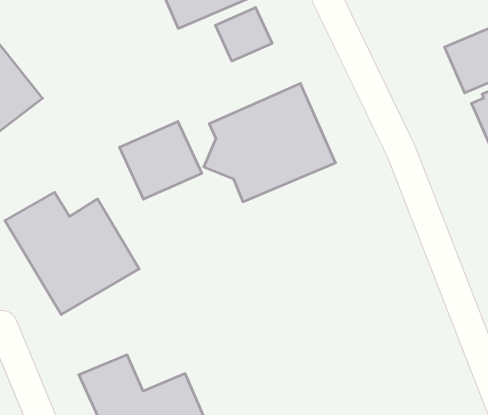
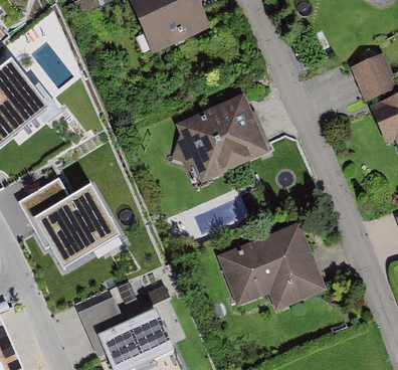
building: [215,7,272,61] -> none
building: [120,121,202,199] -> none
building: none -> [217,222,327,310]

